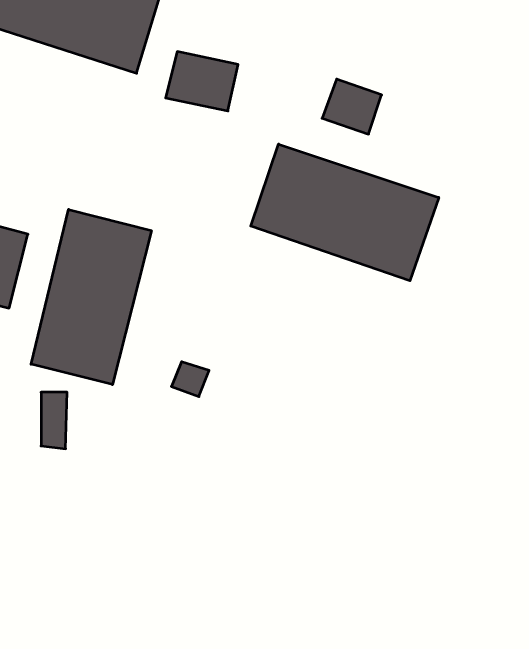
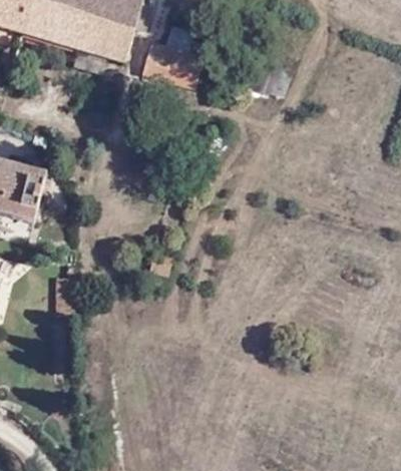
building: [251,144,439,281] -> none
building: [31,209,151,385] -> none

